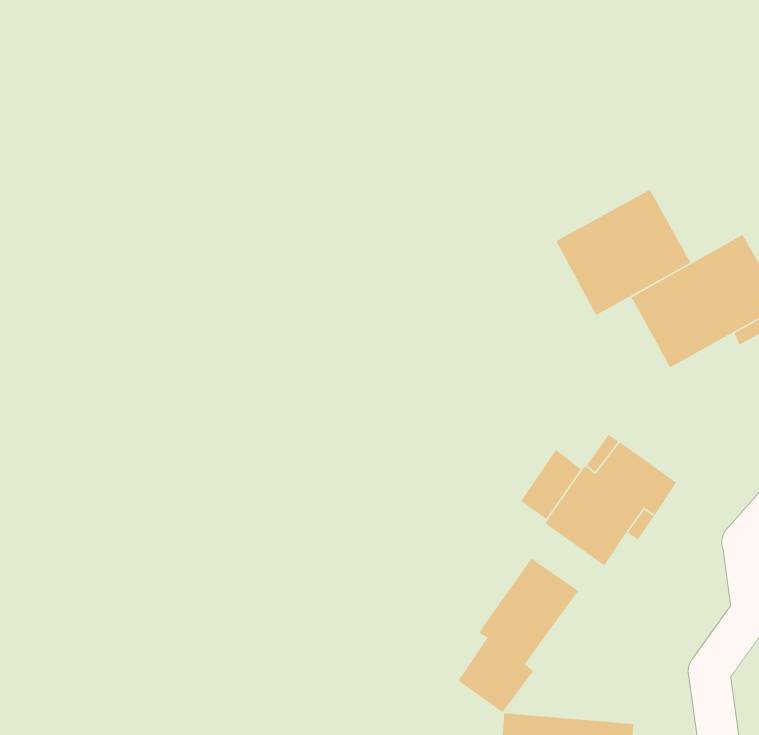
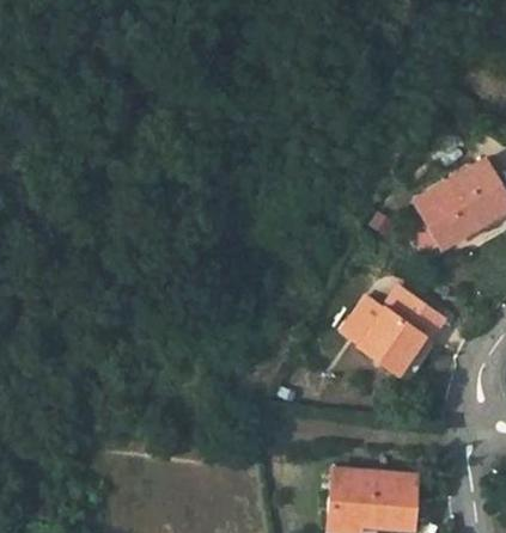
building: [555,189,692,316] -> none
building: [457,558,579,713] -> none

